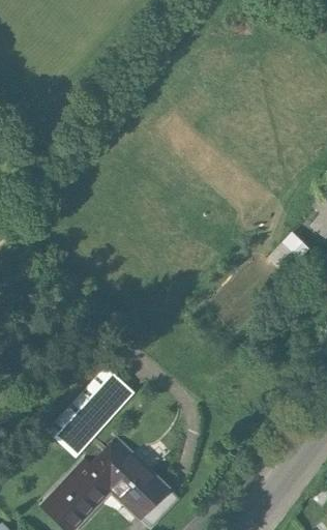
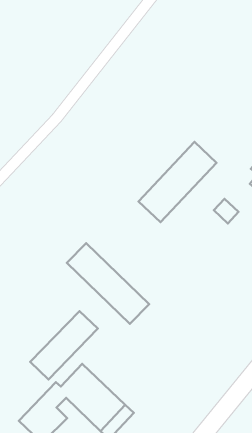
building: none -> [139,142,216,222]
building: none -> [67,243,149,324]

